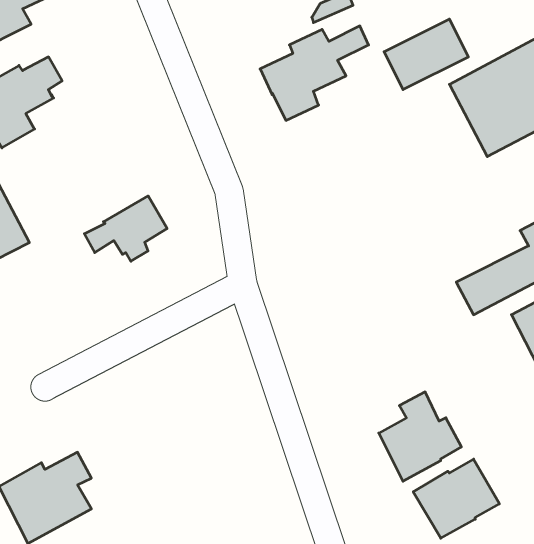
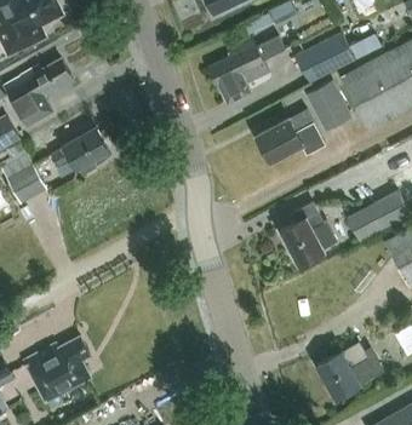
building: none -> [307,80,351,131]
building: none -> [256,110,325,163]
building: [84,196,167,261] -> [50,128,108,174]
building: [379,392,461,481] -> [280,202,338,265]

